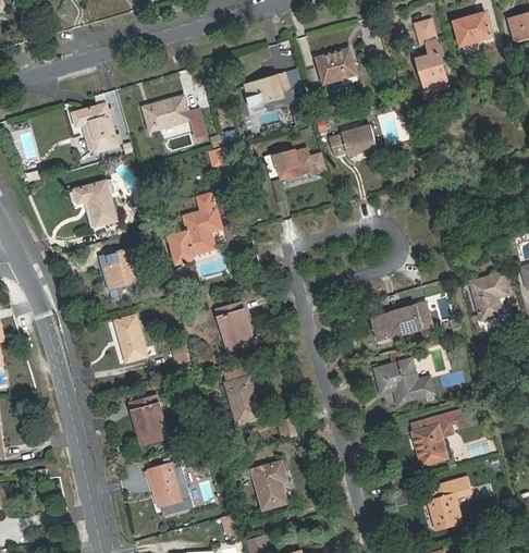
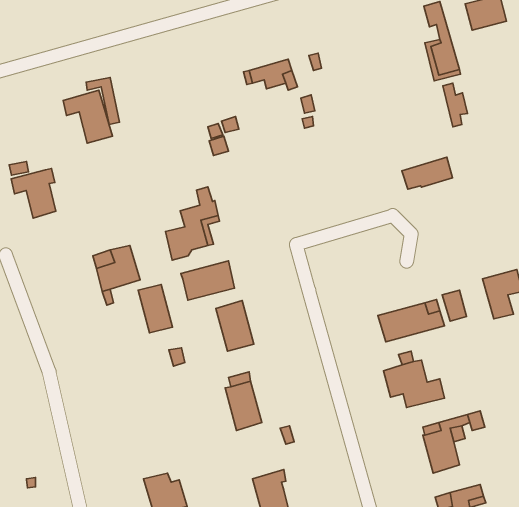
building: [315,48,356,84] -> none
building: [142,95,205,136] -> none
building: none -> [443,83,468,127]
building: [327,124,374,155] -> [402,157,453,189]
building: [263,148,324,179] -> none
building: [73,179,115,225] -> [11,169,56,218]
building: none -> [181,261,235,300]
building: [113,318,146,364] -> [138,285,173,333]
building: [132,397,165,444] -> none

